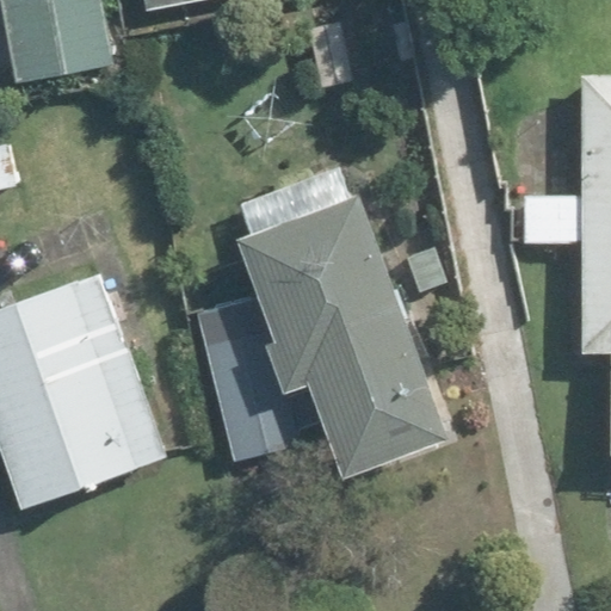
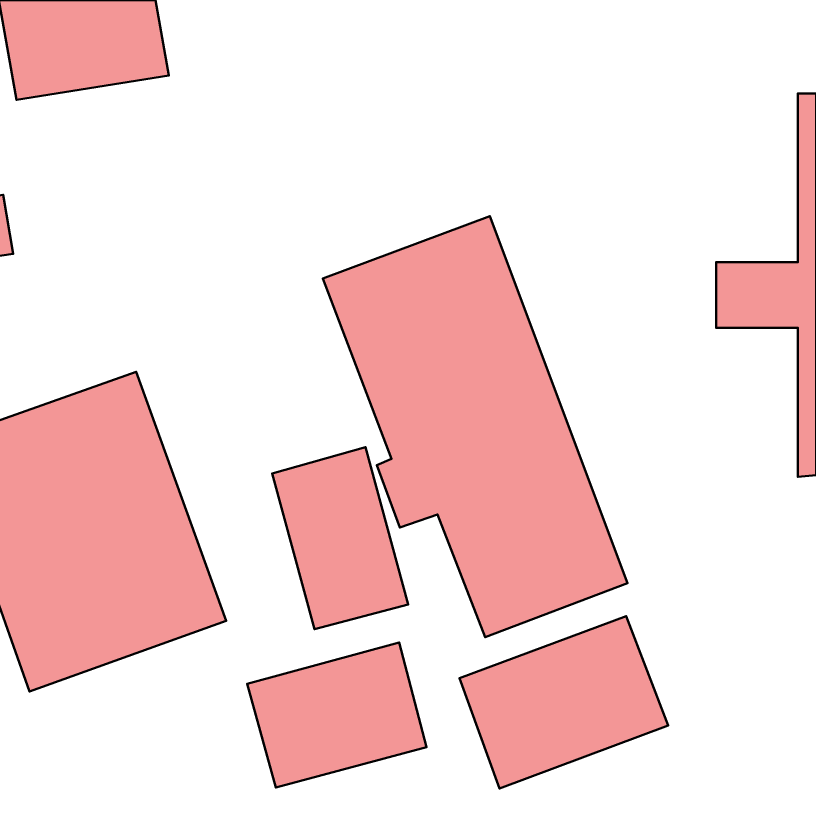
building: none -> [459,616,668,789]
building: none -> [247,643,427,787]

